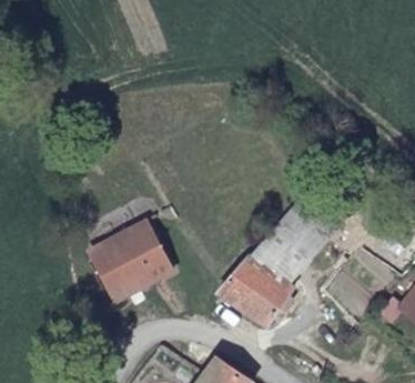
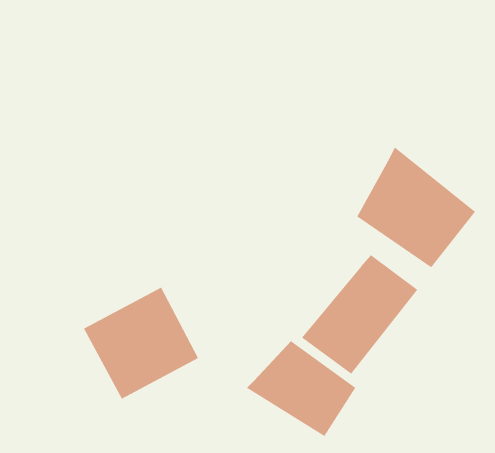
building: none -> [357,146,476,268]

